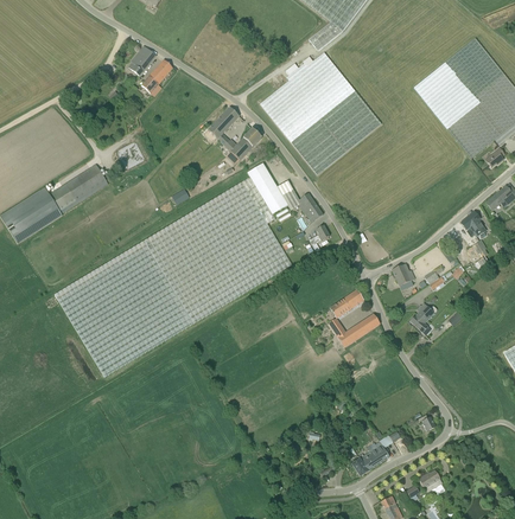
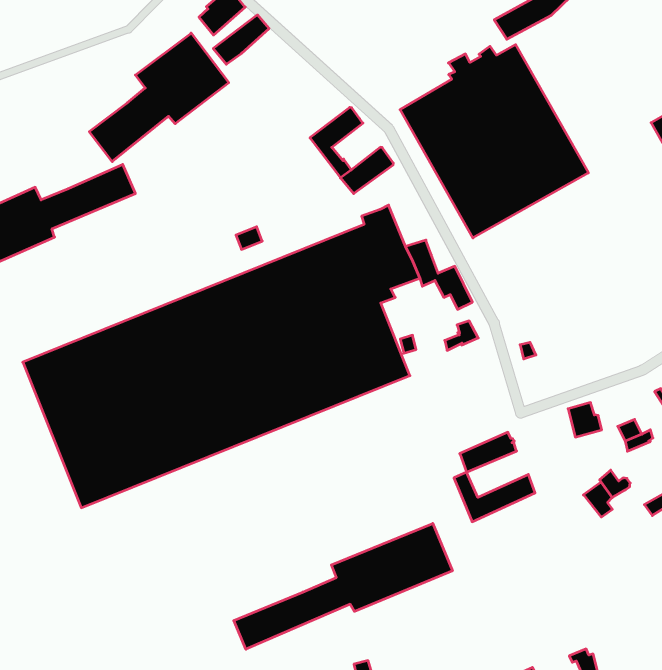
building: none -> [89,33,229,162]
building: none -> [234,523,452,649]

